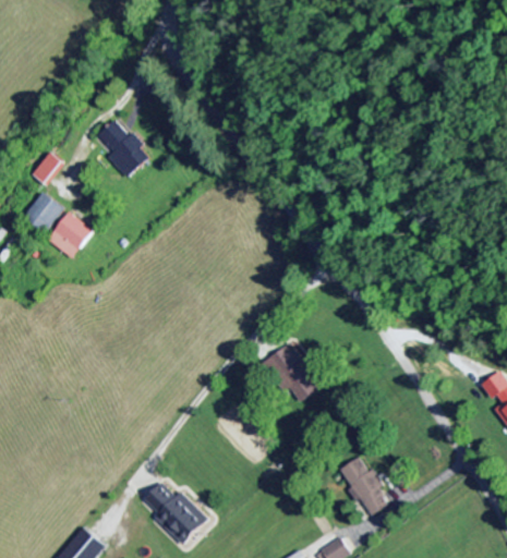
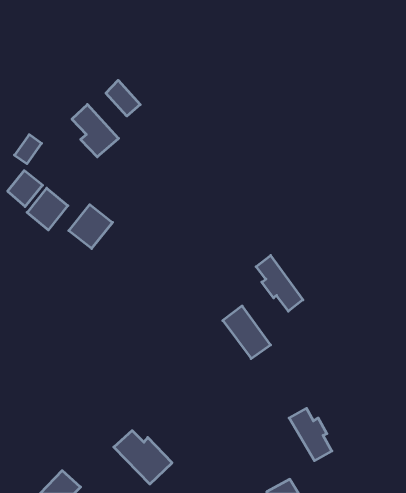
building: none -> [106,80,140,116]
building: none -> [69,205,113,249]
building: none -> [256,255,303,311]

